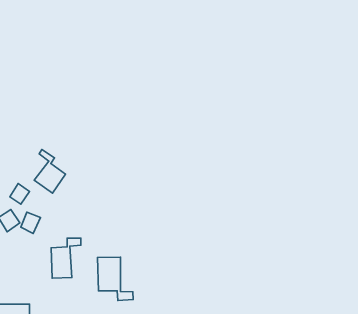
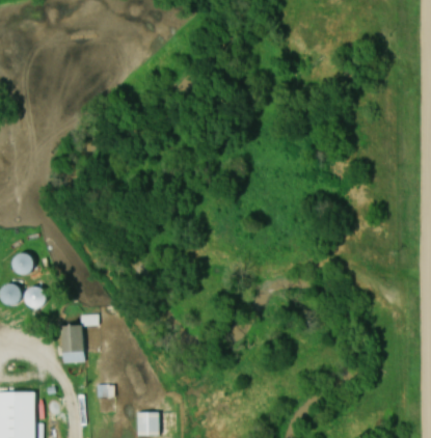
building: [34,149,66,193] -> none
building: [98,257,133,300] -> none

